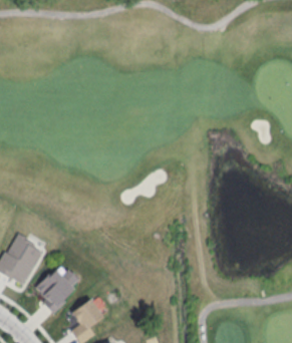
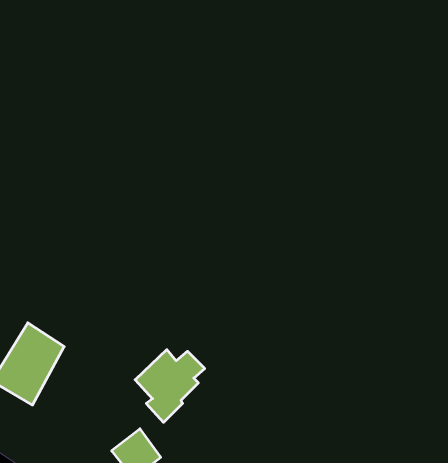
building: [35,269,79,315] -> [135,350,205,422]

